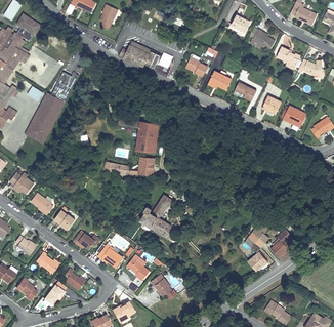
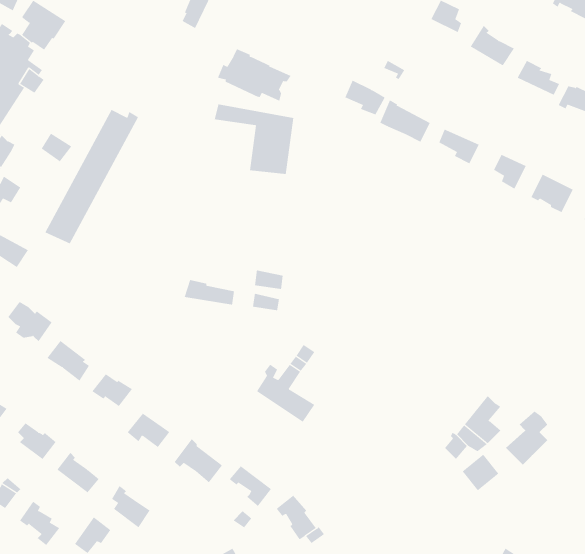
building: [117,116,159,153] -> [214,104,294,174]

